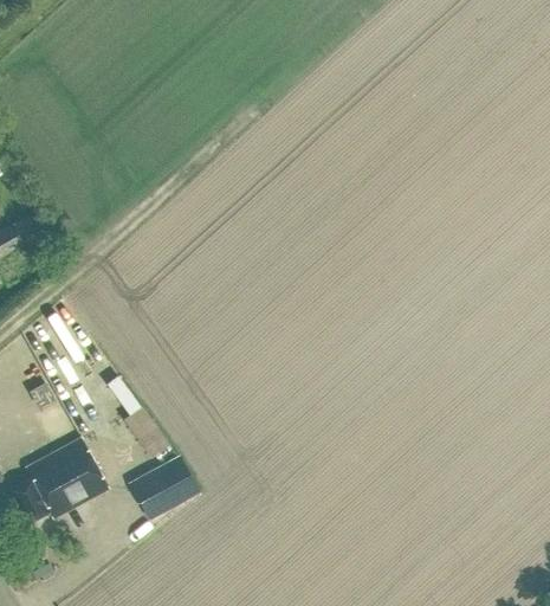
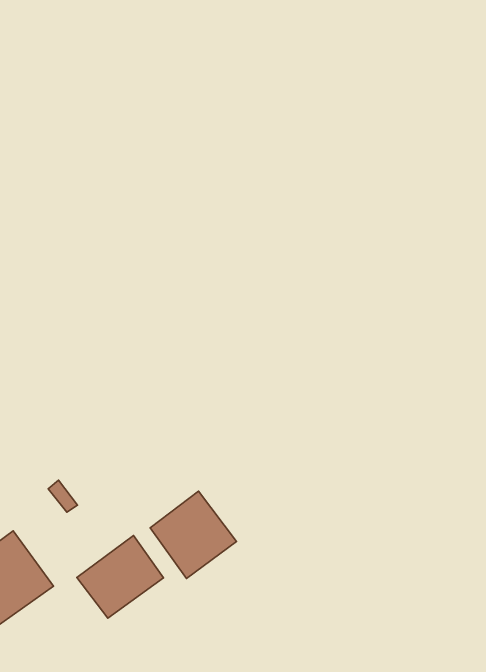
building: none -> [150,491,237,579]

